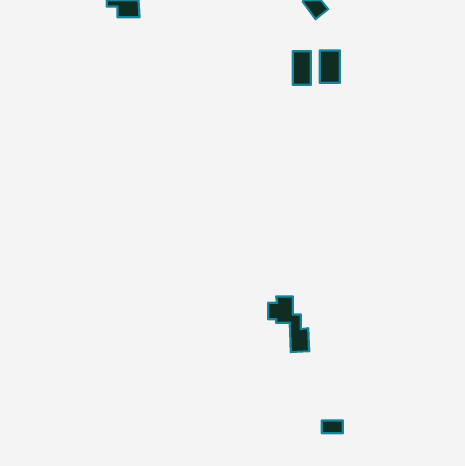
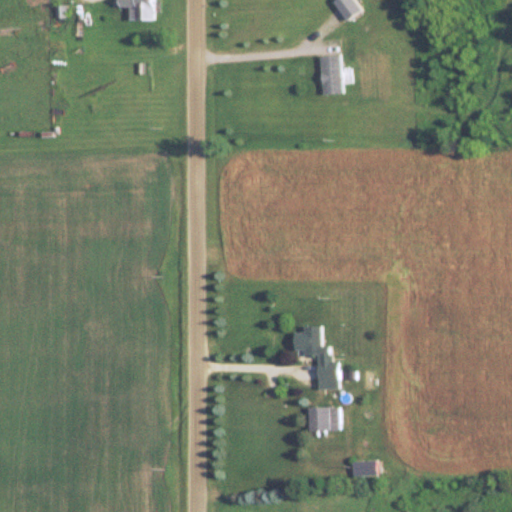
building: [320,50,340,83] -> none
building: none -> [308,406,342,430]

